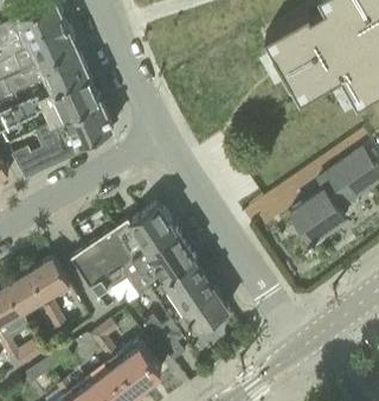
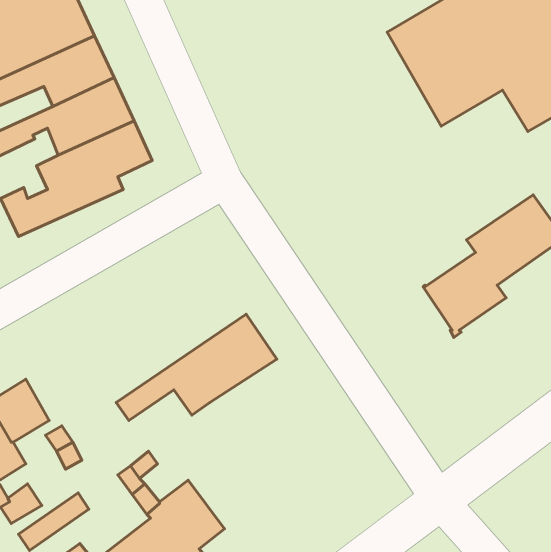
building: [70,205,174,288] -> none
building: [30,259,69,300] -> none
building: [143,260,227,363] -> none

